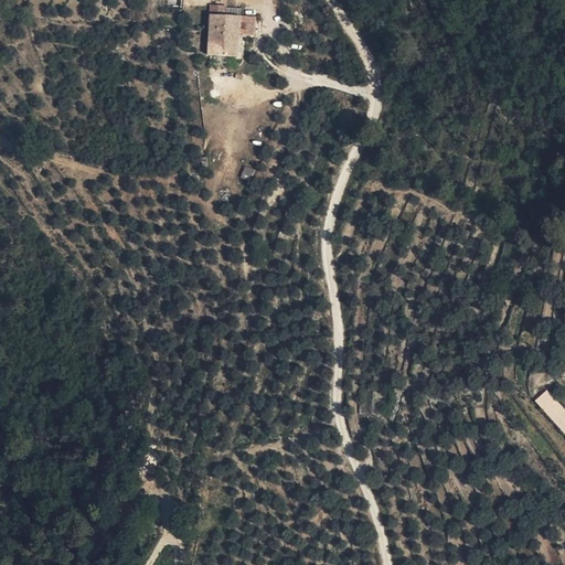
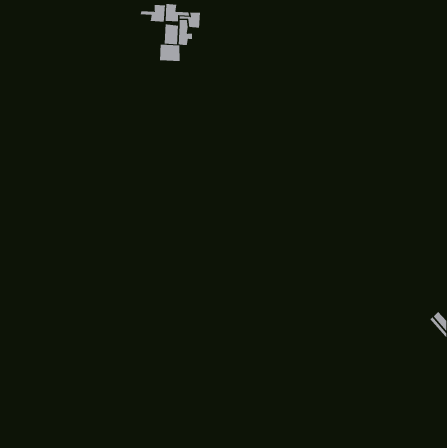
building: none -> [140,4,166,22]
building: none -> [160,44,180,62]

